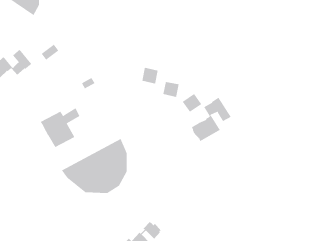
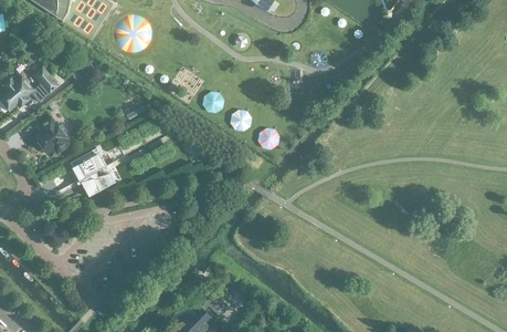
building: none -> [34,116,70,153]
building: [191,97,231,142] -> none
building: [61,138,127,194] -> none

